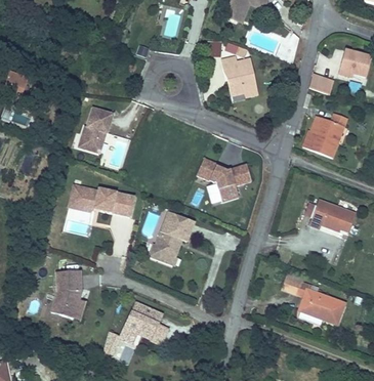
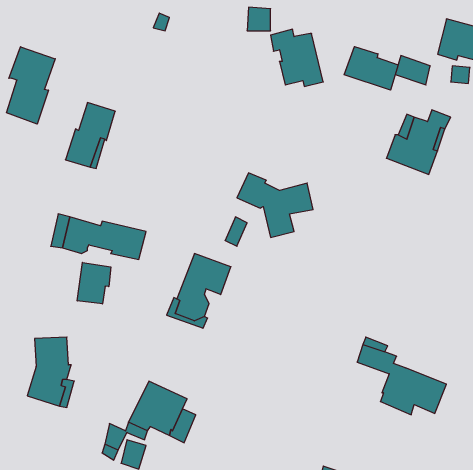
building: none -> [344,47,398,90]
building: none -> [7,47,55,124]
building: [308,199,355,231] -> none
building: none -> [77,262,111,304]

